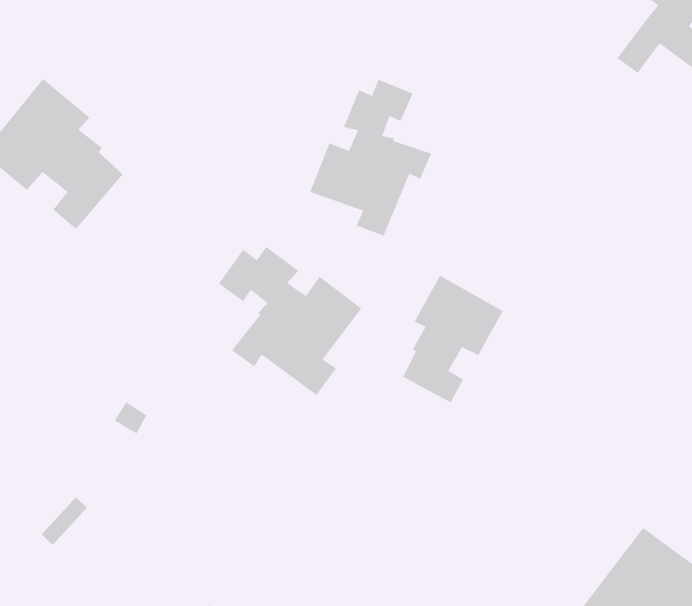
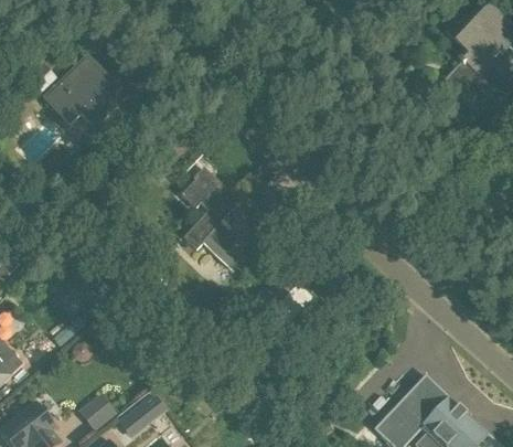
building: [309,79,432,236] -> none
building: [402,275,503,403] -> none

